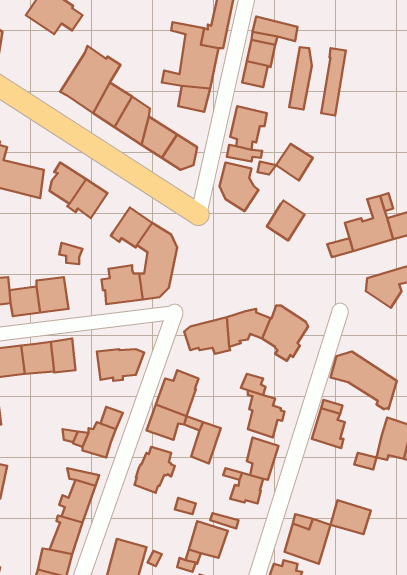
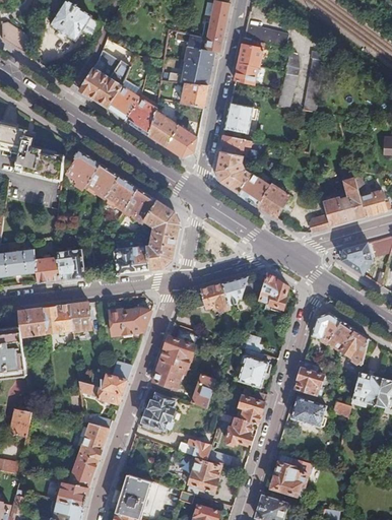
building: [276,144,313,180] -> [236,174,267,205]
building: none -> [103,177,137,210]
building: [331,500,371,534] -> [289,396,324,426]

